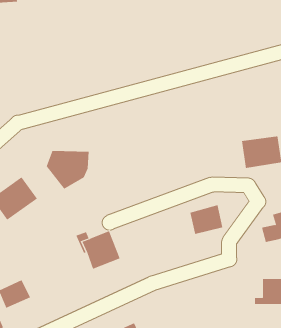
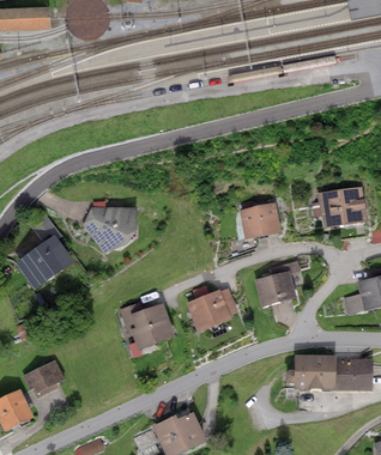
building: none -> [240,202,280,239]
building: none -> [187,289,231,332]
building: none -> [294,356,333,390]

